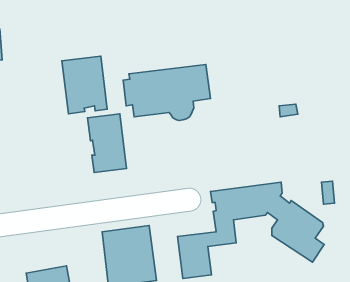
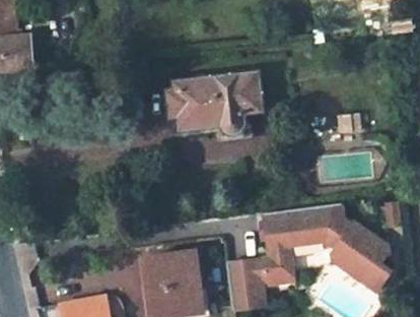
building: [62,56,107,114] -> none
building: [88,114,126,172] -> none

